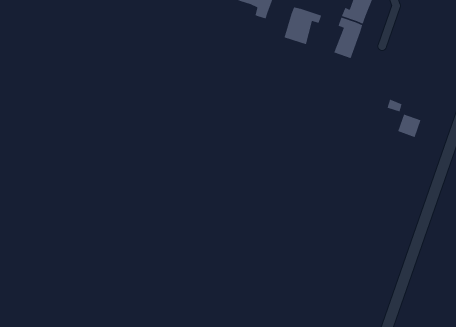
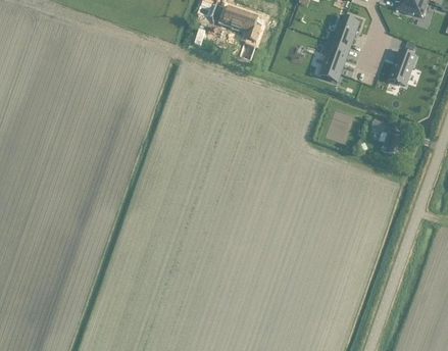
building: [283,7,322,45] -> none
building: none -> [389,50,414,85]

